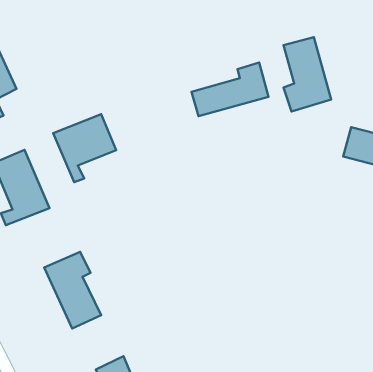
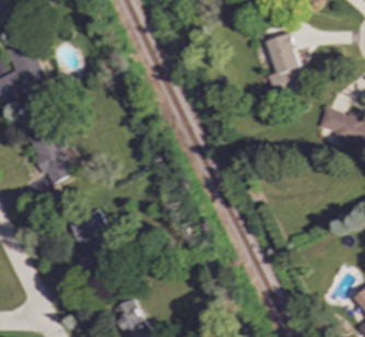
building: [191,63,269,116] -> none
building: [53,114,116,182] -> none

